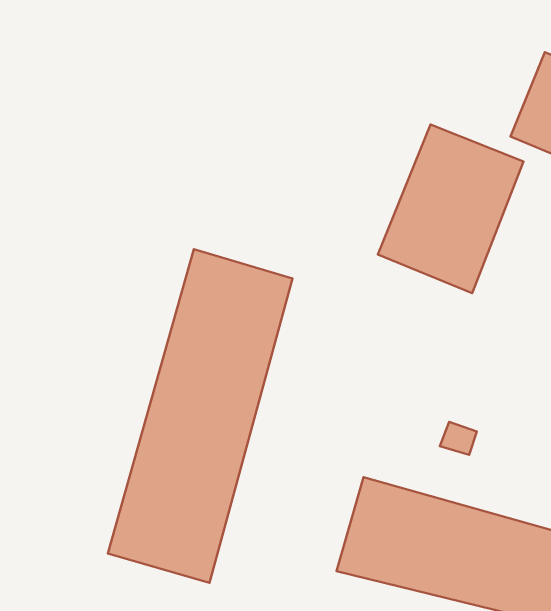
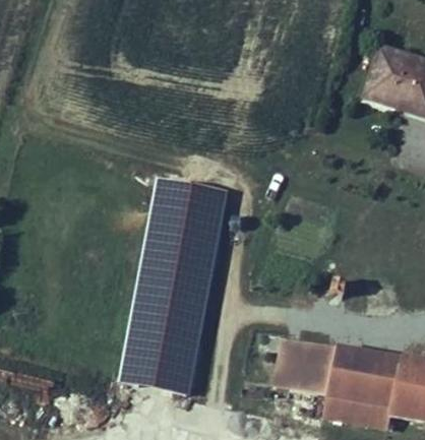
building: [378,124,524,293] -> none

